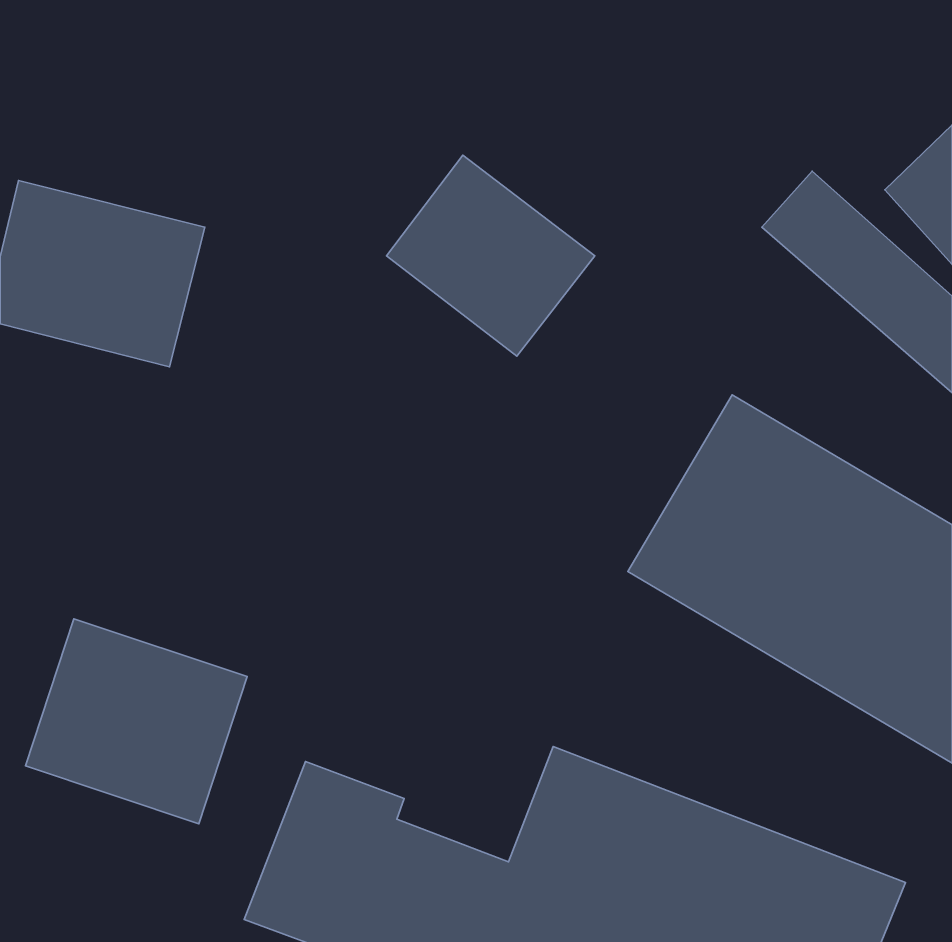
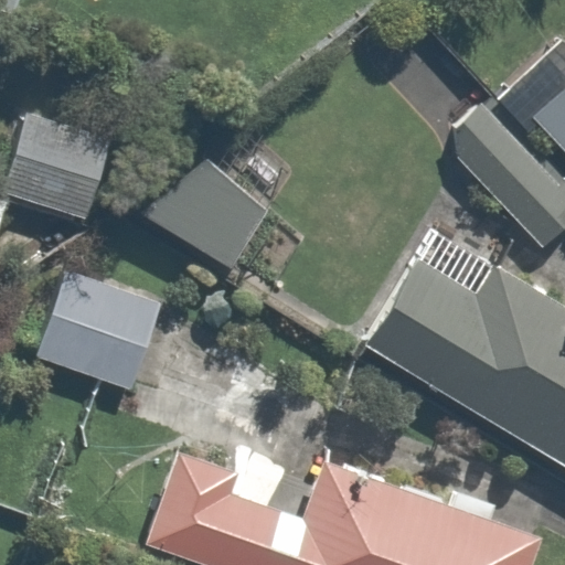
building: [386,155,595,356] -> [145,156,268,275]
building: [25,619,247,824] -> [31,271,162,393]

